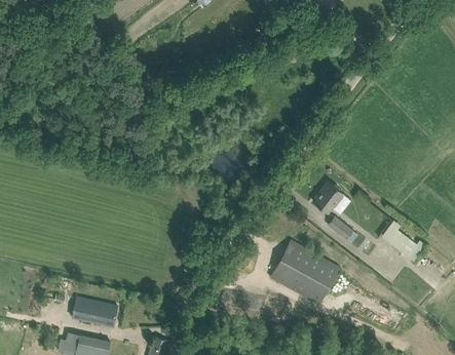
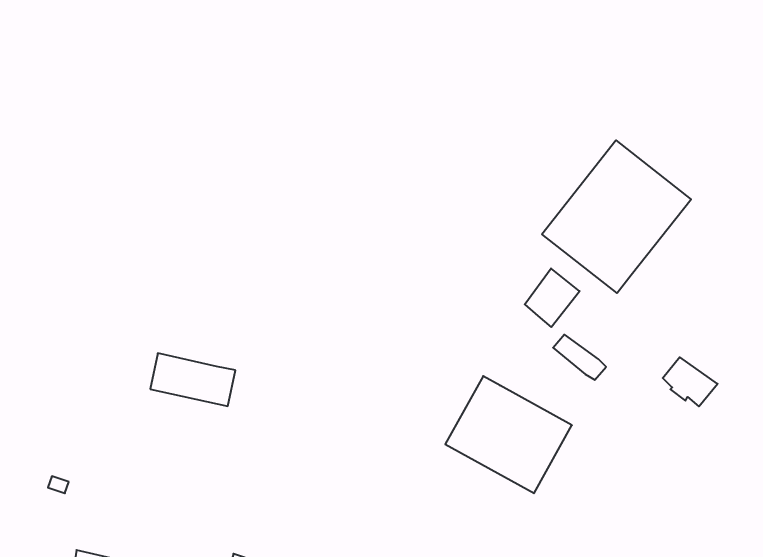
building: none -> [542,140,691,293]
building: [72,297,118,325] -> [150,353,235,406]

